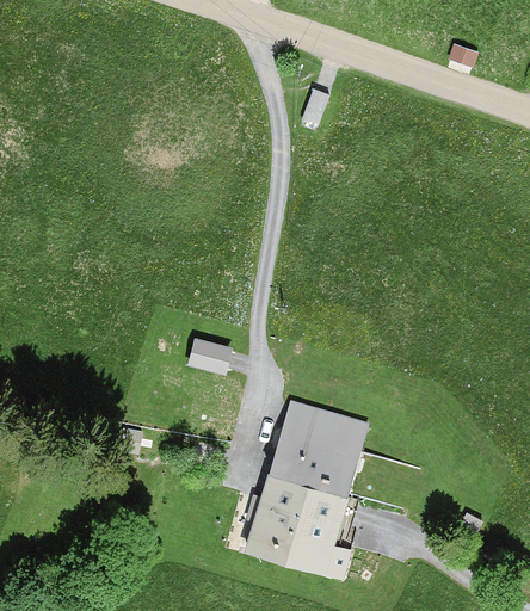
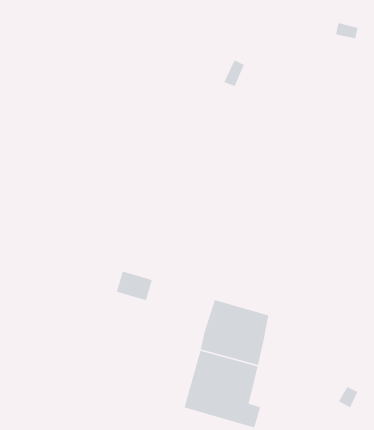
building: [185,333,234,374] -> [116,271,153,301]

